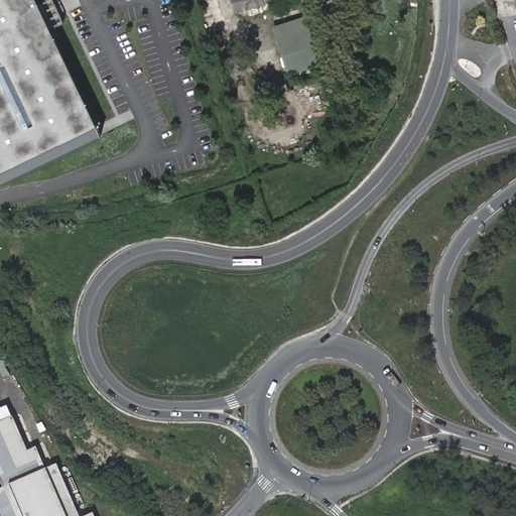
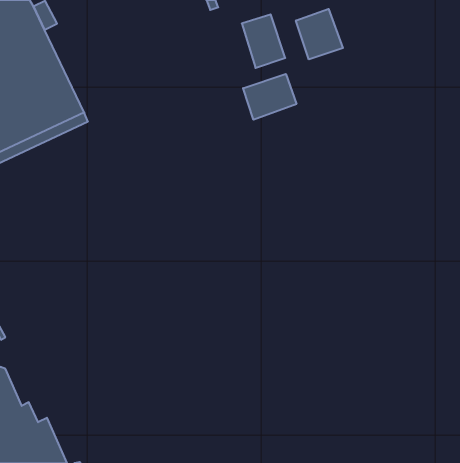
building: none -> [296,9,343,59]
building: none -> [243,74,296,120]

